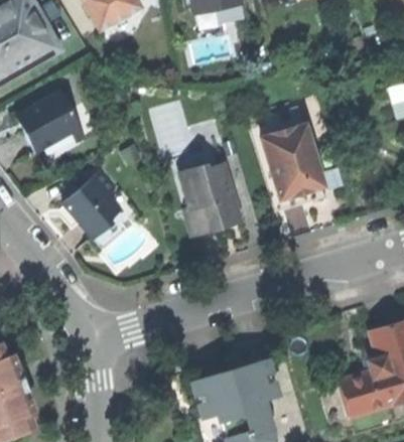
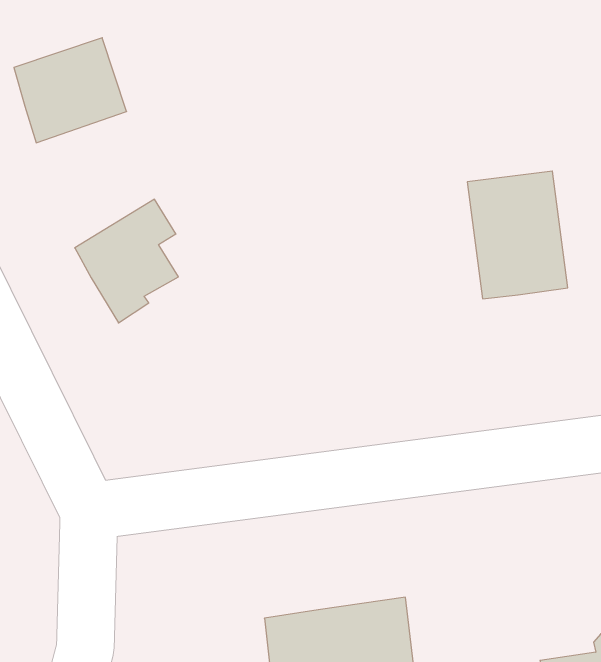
building: [182,161,243,234] -> none

